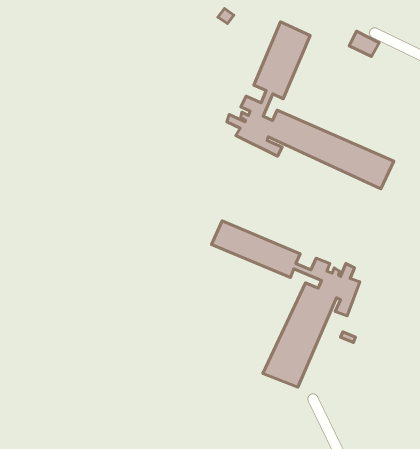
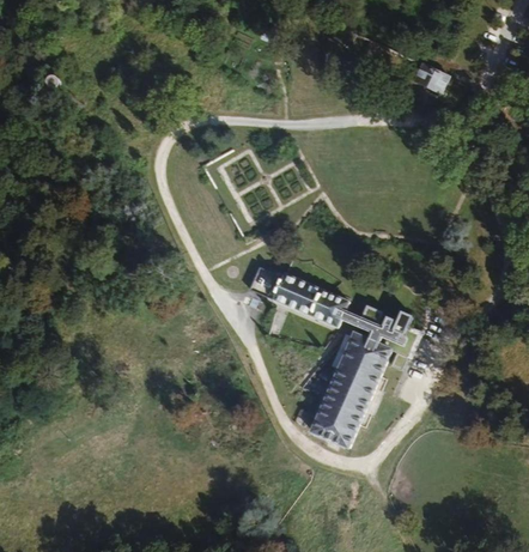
building: [227,22,394,189] -> none

